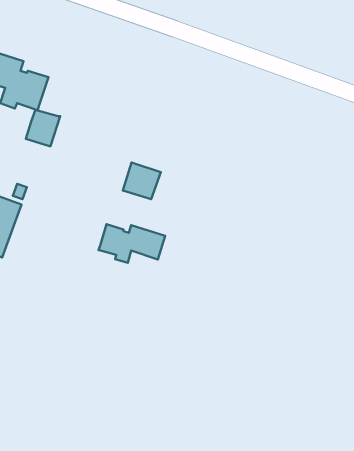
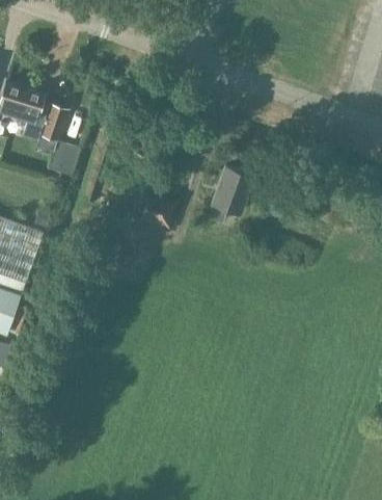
building: none -> [208,163,254,222]
building: [99,224,165,263] -> none

